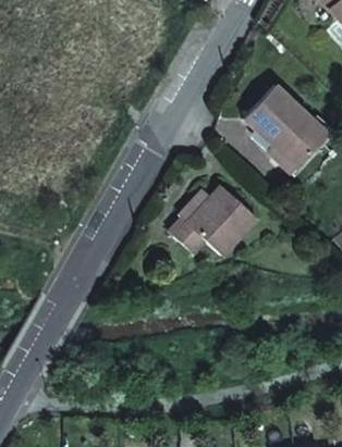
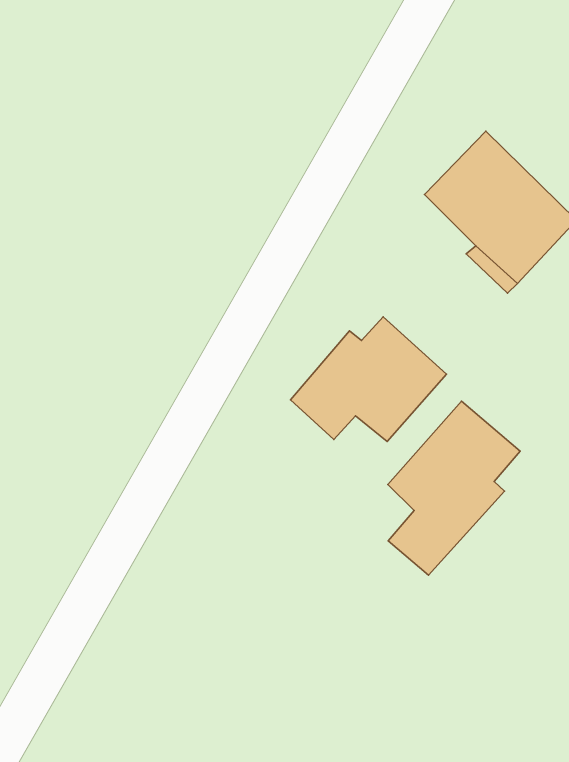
building: none -> [388,401,520,575]

